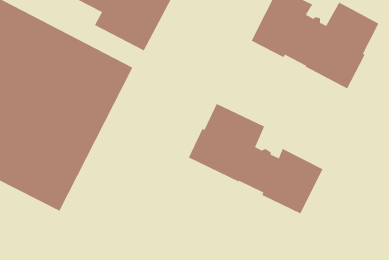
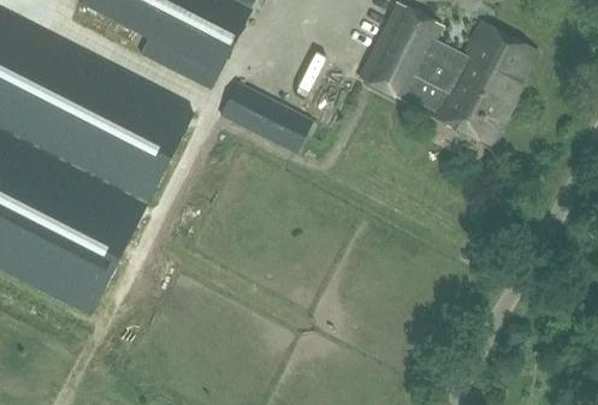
building: none -> [218,83,312,154]
building: [188,103,323,214] -> none

